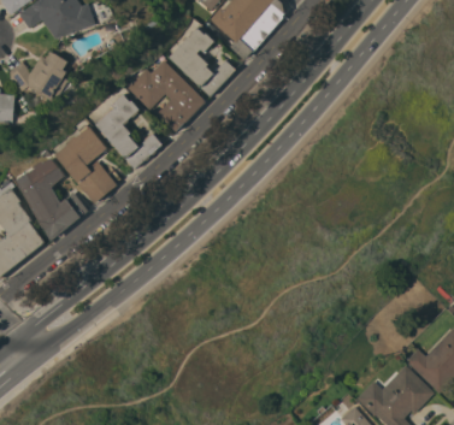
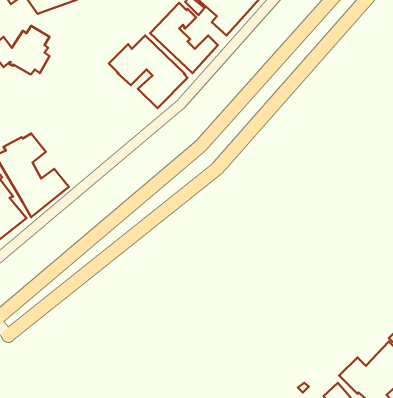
building: [94,94,161,169] -> none
building: [53,124,120,203] -> none

